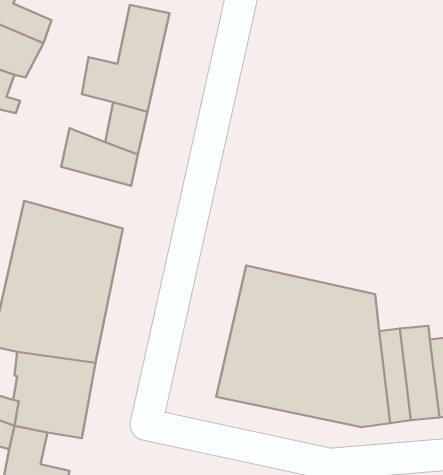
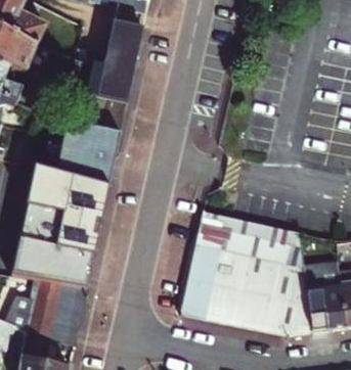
building: none -> [57,138,115,184]

